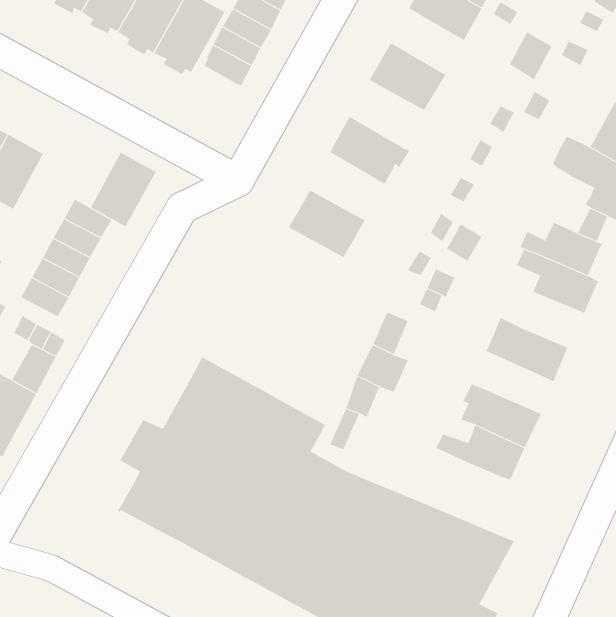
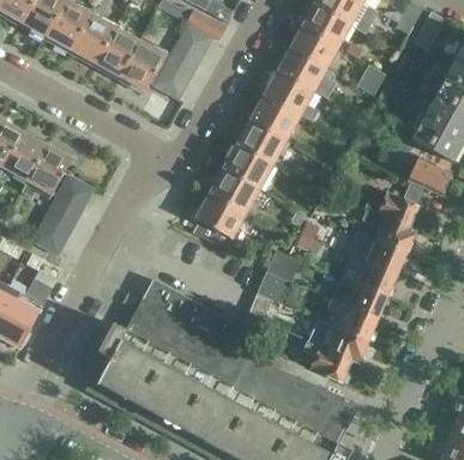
building: none -> [278,48,338,98]
building: none -> [251,96,301,141]
building: [90,152,156,227] -> [26,145,71,195]
building: none -> [224,144,275,189]
building: none -> [192,194,247,248]
building: none -> [351,237,408,274]
building: none -> [332,277,387,319]
building: none -> [302,340,351,383]

